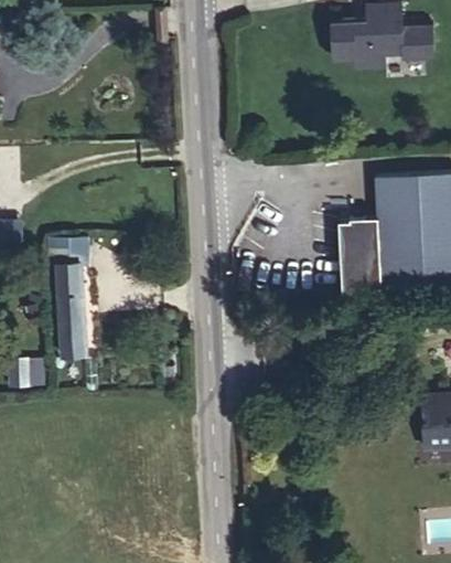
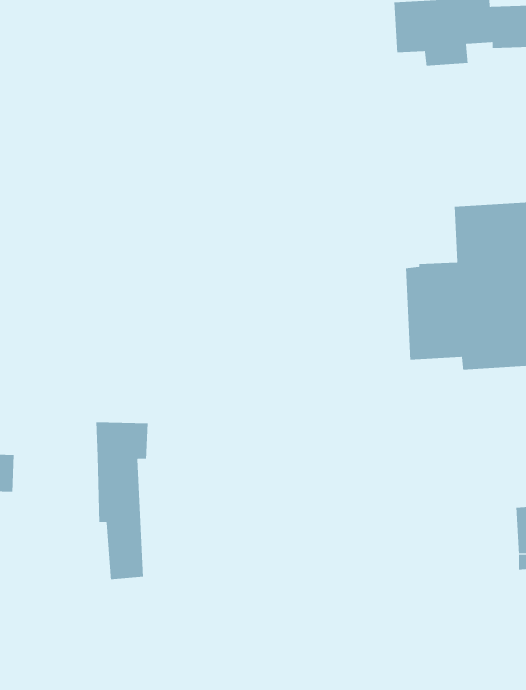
building: [51,237,90,357] -> [96,421,148,580]

